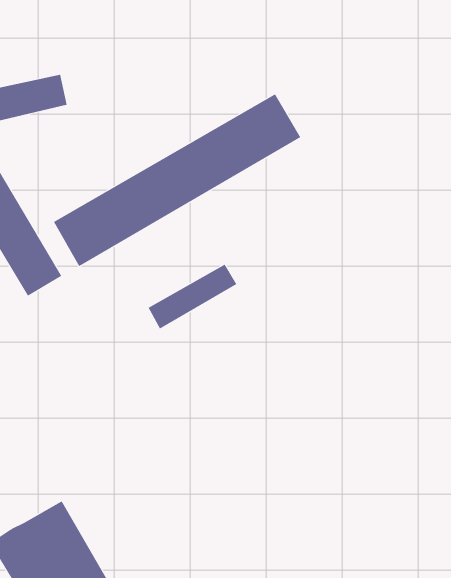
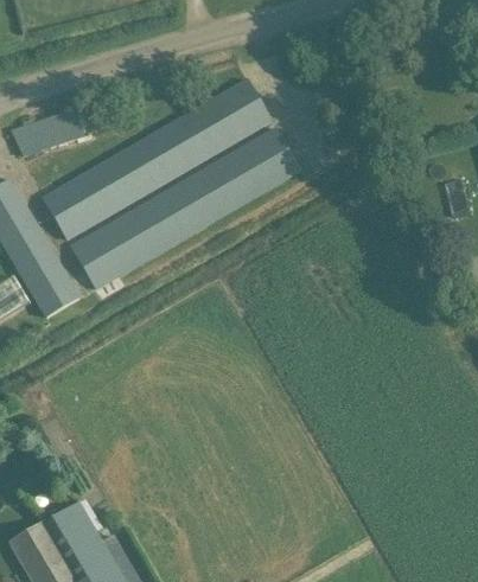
building: none -> [44,81,272,239]
building: [148,264,237,330] -> none

